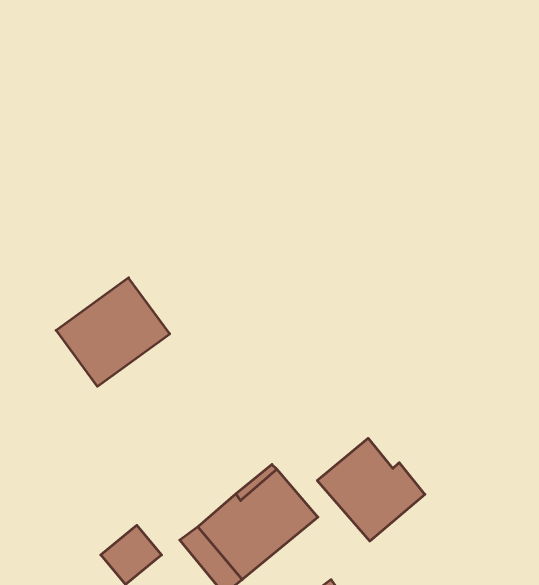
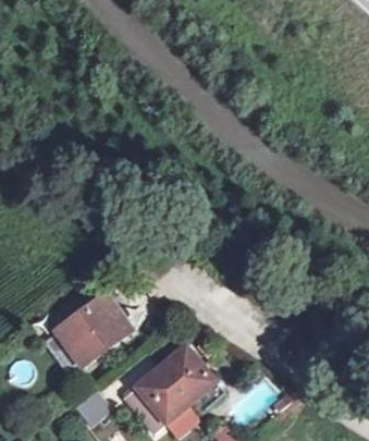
building: [56,278,170,386] -> [56,295,131,367]
building: [317,438,425,541] -> none

